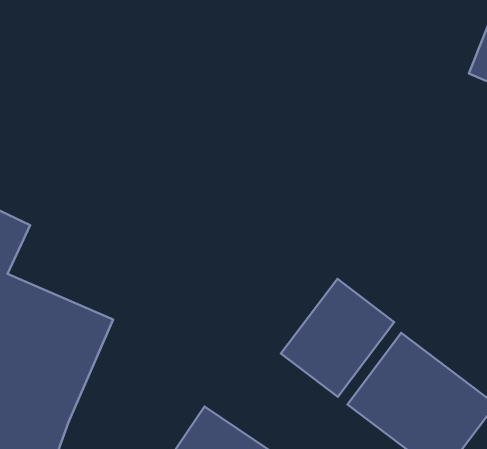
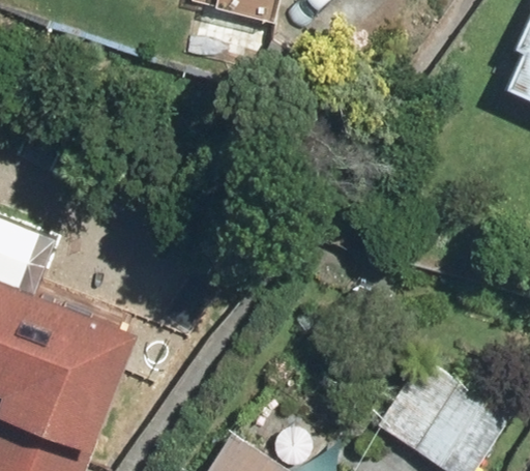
building: [281,279,394,397] -> none

